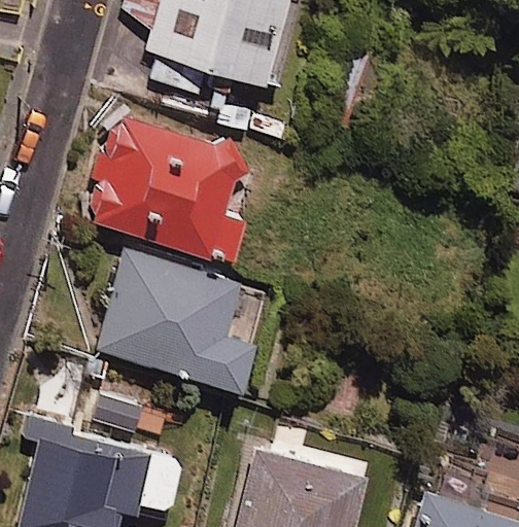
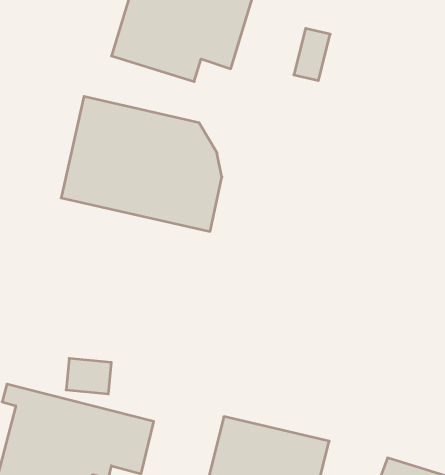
building: [94,247,266,393] -> none

